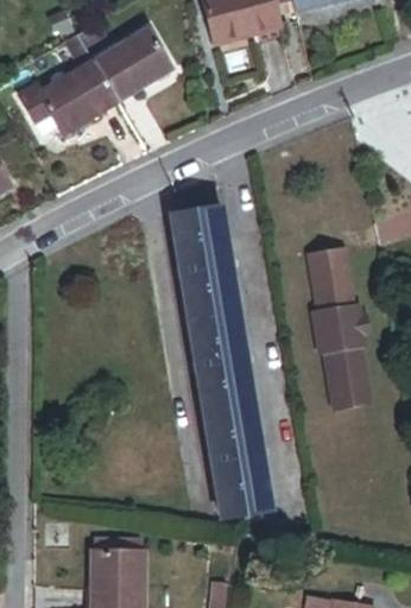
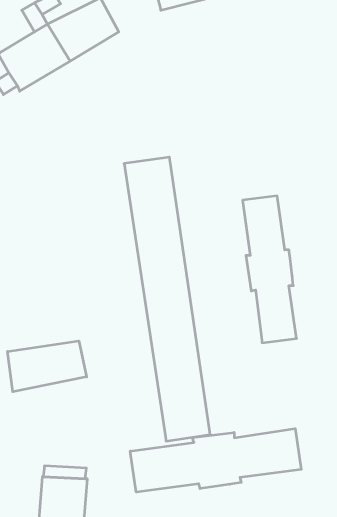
building: none -> [8,341,87,392]
building: none -> [130,429,301,492]

